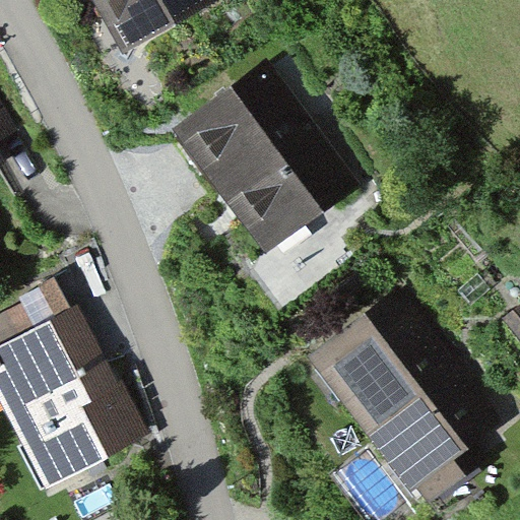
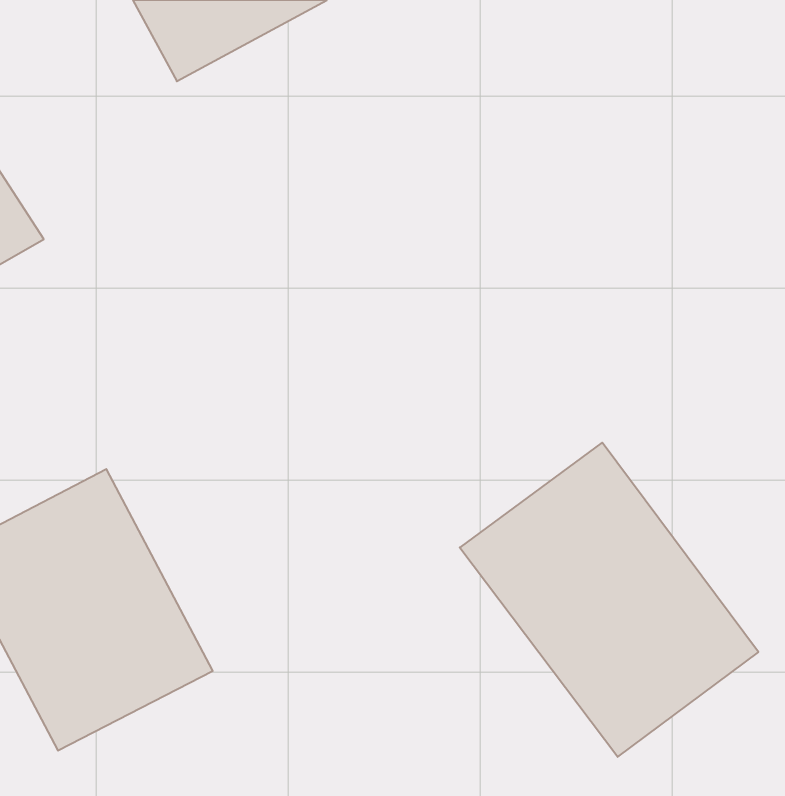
building: [180,72,350,252] -> none

